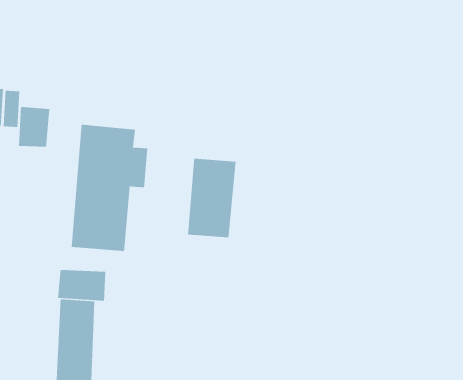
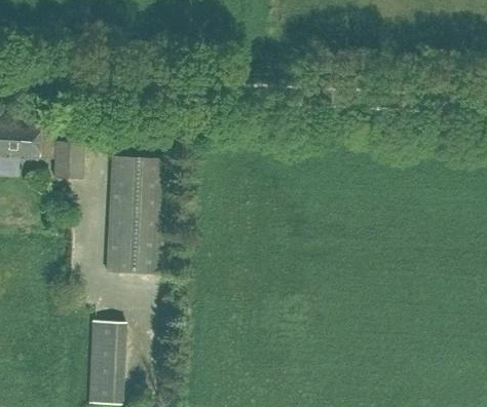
building: [188,158,236,238] -> none
building: [57,269,106,302] -> none

